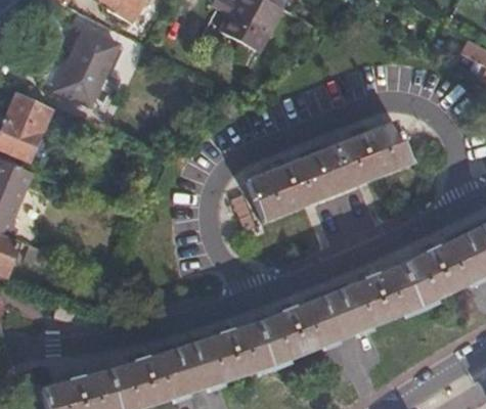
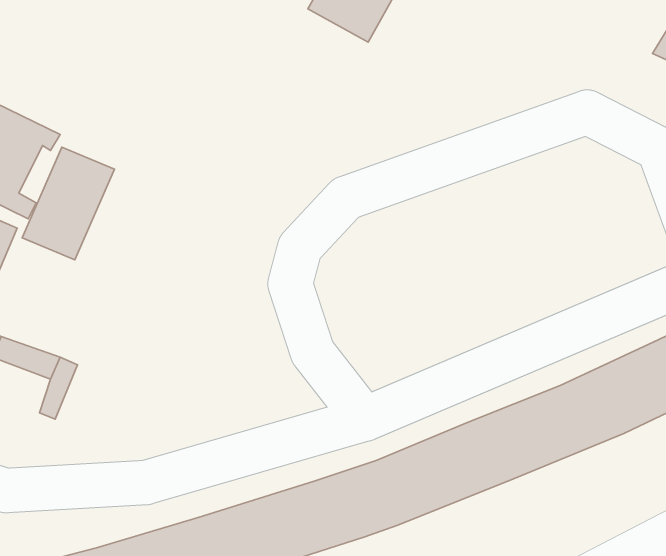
building: [55,32,115,104] -> [22,147,114,260]
building: [246,123,408,221] -> none

